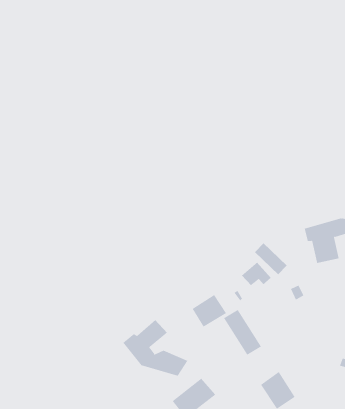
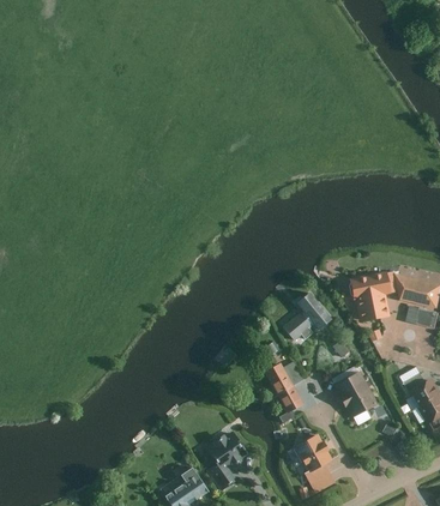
building: [192,294,227,328] -> none
building: none -> [337,372,375,415]
building: [123,319,188,376] -> none

